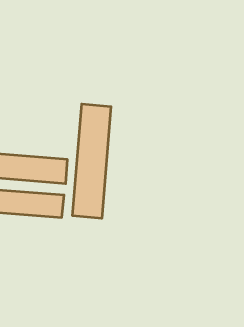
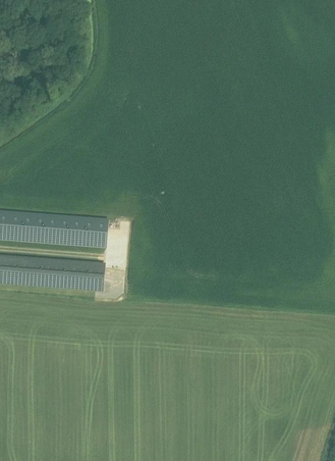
building: [73,104,111,218] -> none

